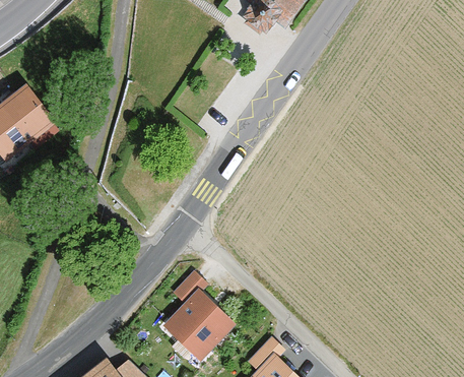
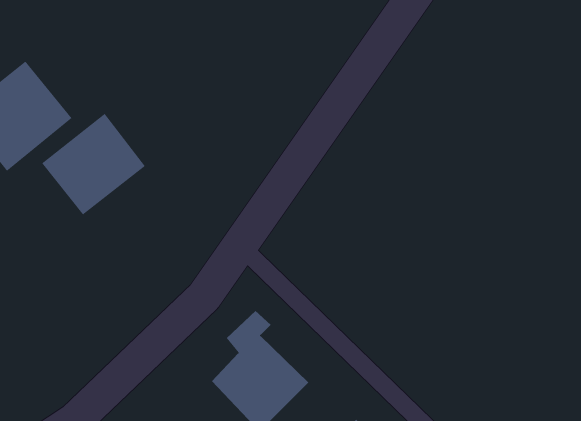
building: none -> [41,113,146,216]

